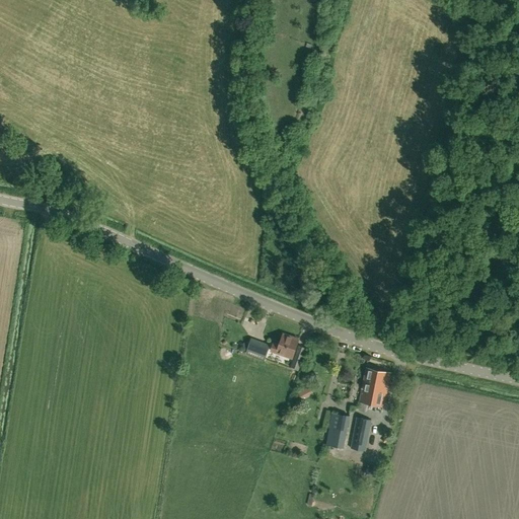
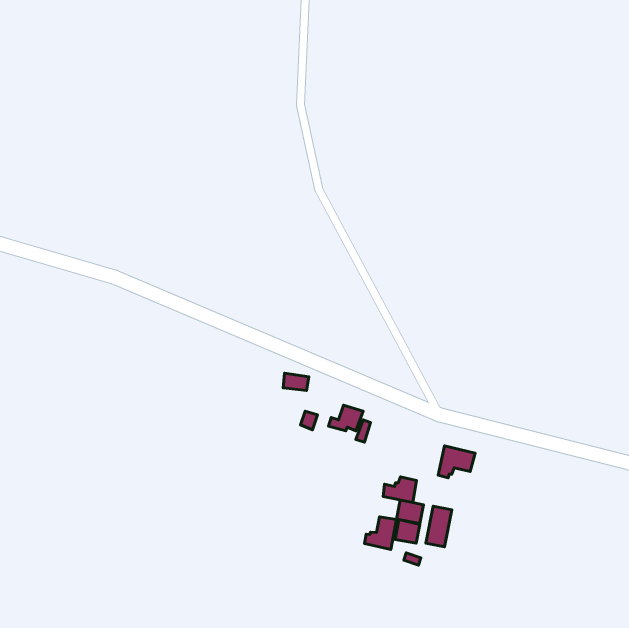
building: [360,386,387,407] -> [383,477,416,503]
building: none -> [365,517,396,549]

